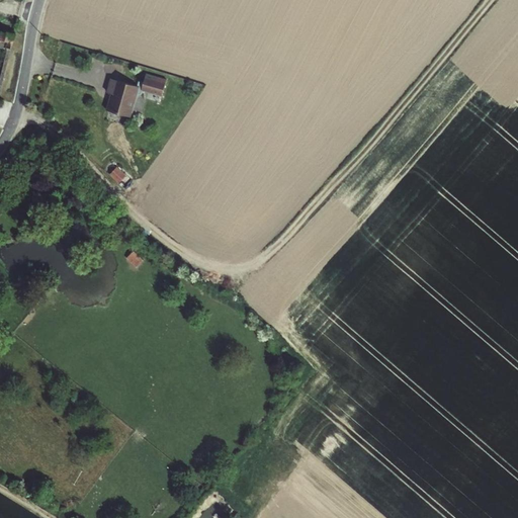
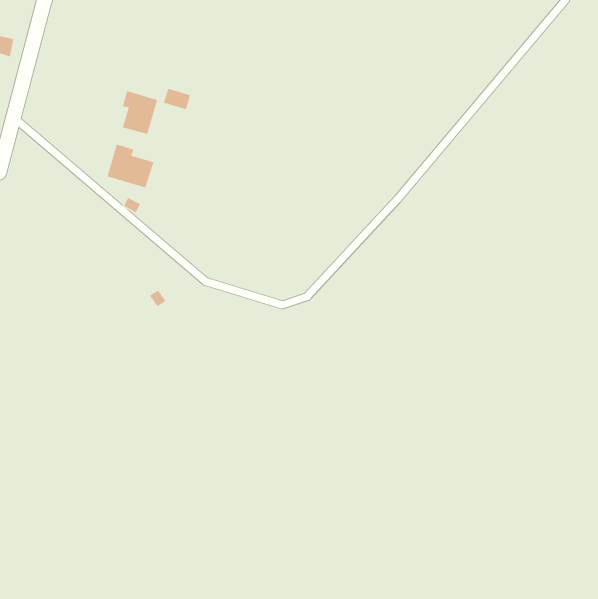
building: none -> [106,144,155,188]

